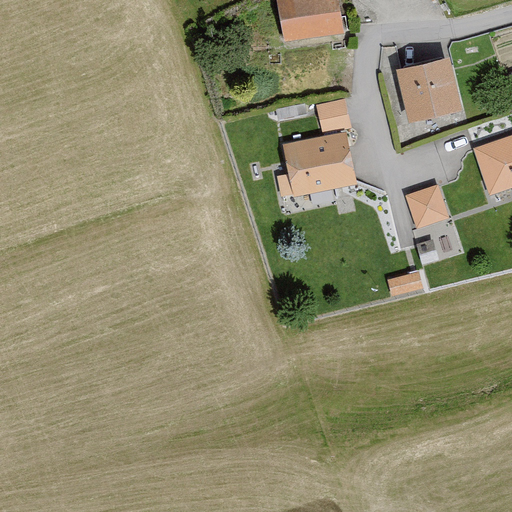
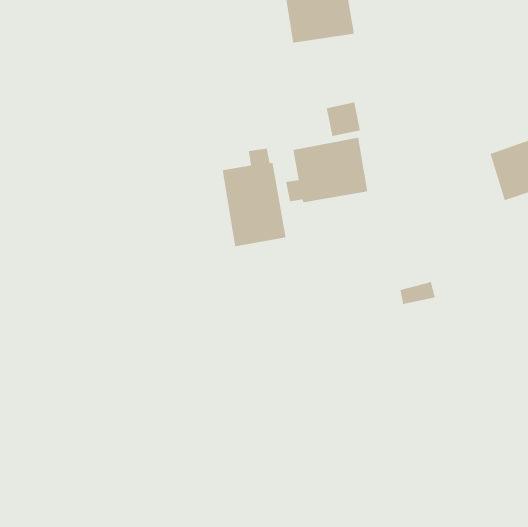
building: [398,57,462,121] -> none
building: none -> [222,148,286,247]
building: [404,184,448,229] -> none

